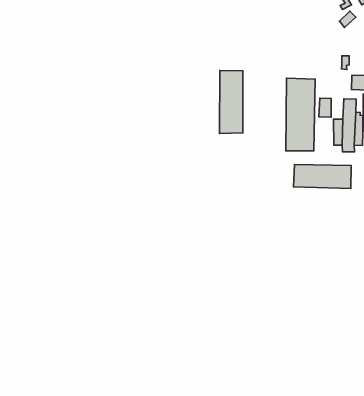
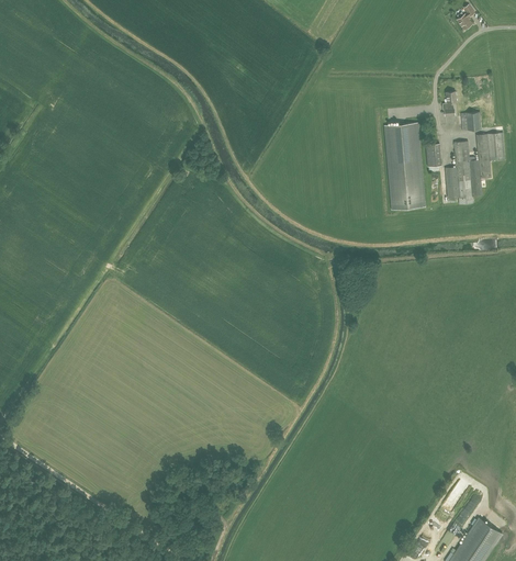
building: [219,70,243,133] -> none
building: [294,165,351,189] -> none

